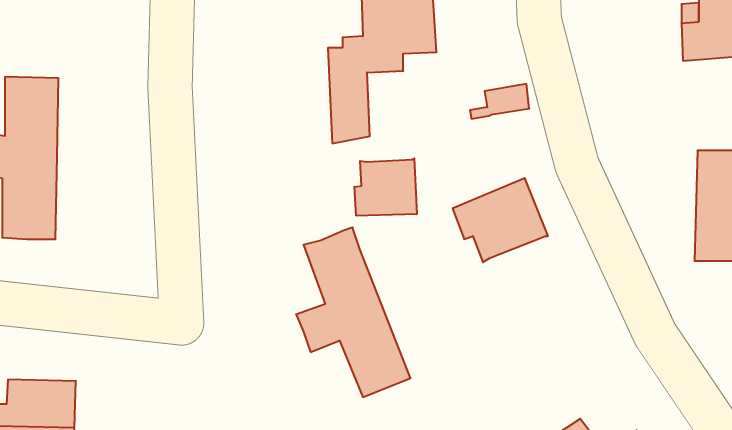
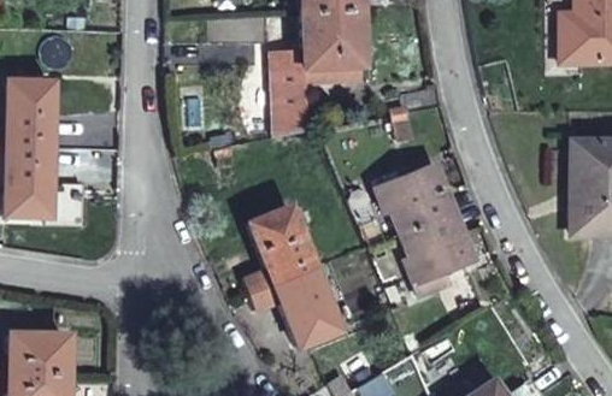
building: [354,158,417,216] -> none
building: none -> [402,214,476,286]

